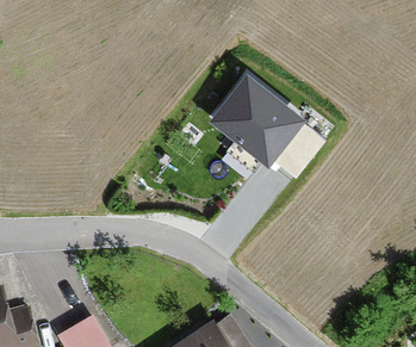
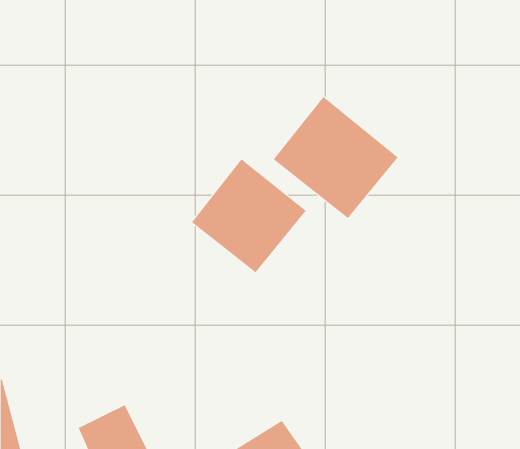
building: none -> [191,159,306,273]

